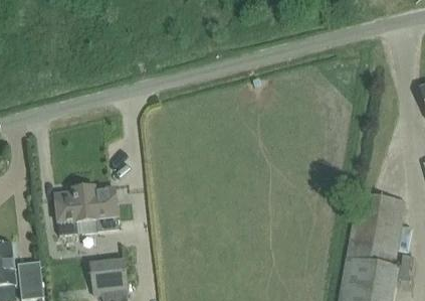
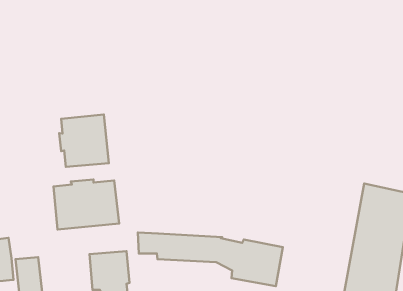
building: none -> [59,115,109,167]
building: none -> [138,233,283,286]

